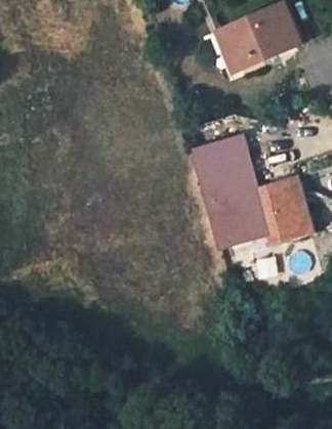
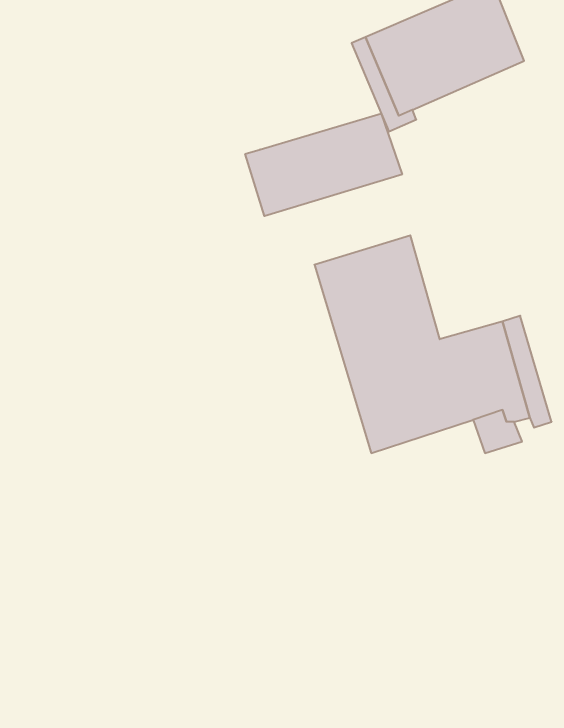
building: none -> [245,113,402,216]

